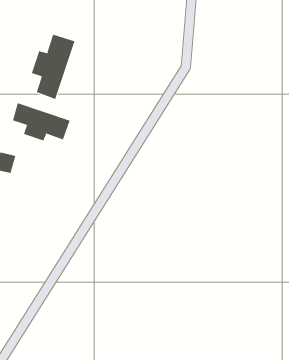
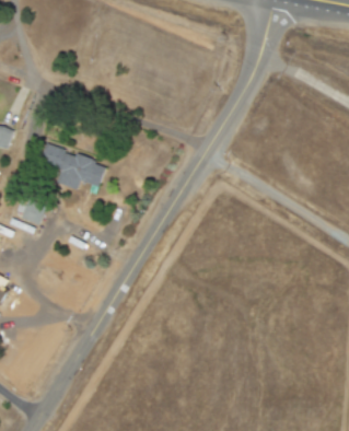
building: [31,34,75,100] -> none

